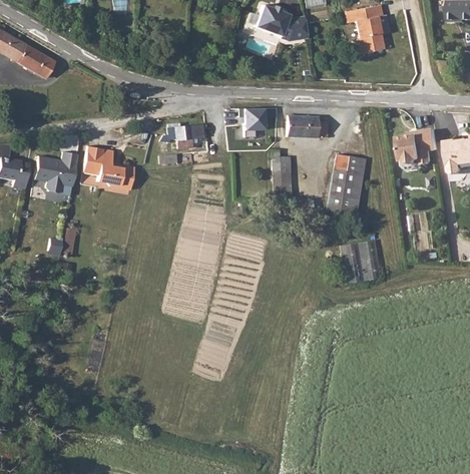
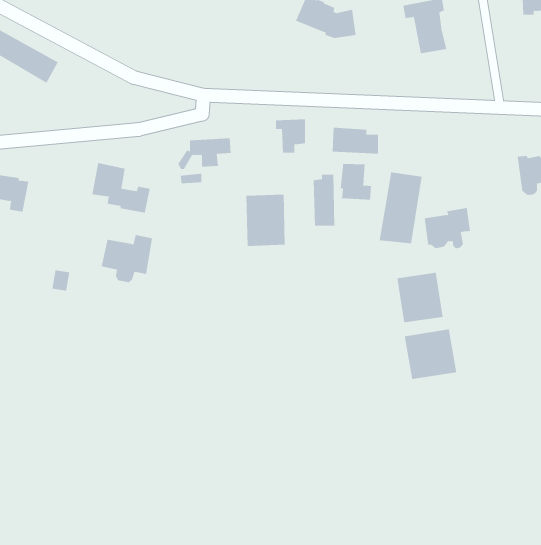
building: [399,130,439,165] -> [424,208,471,249]
building: none -> [340,163,372,200]
building: [34,150,78,191] -> [101,235,153,283]
building: none -> [246,194,285,247]
building: none -> [404,329,457,380]

